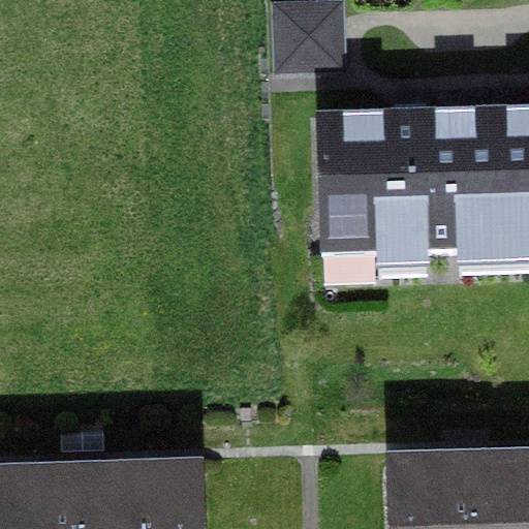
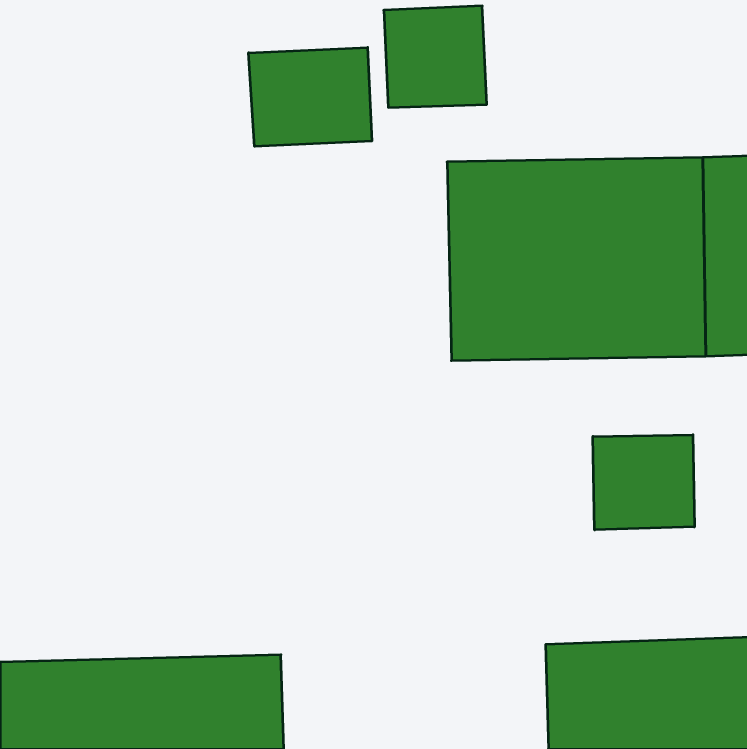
building: none -> [249,47,372,146]
building: none -> [593,435,694,530]

